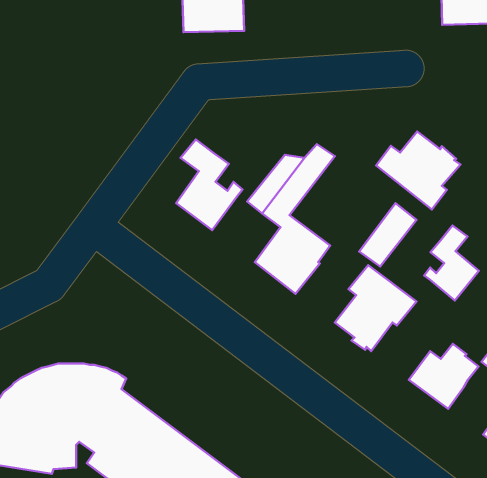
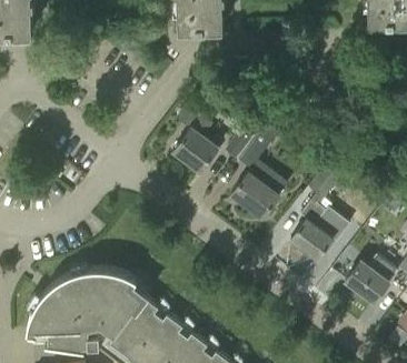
building: [376,131,460,210] -> none
building: [424,226,479,300] -> none

